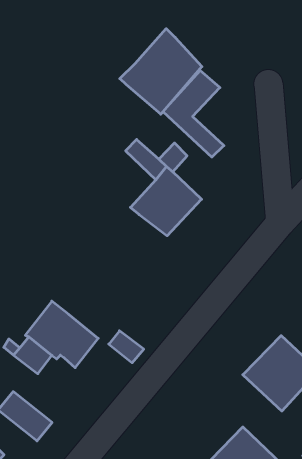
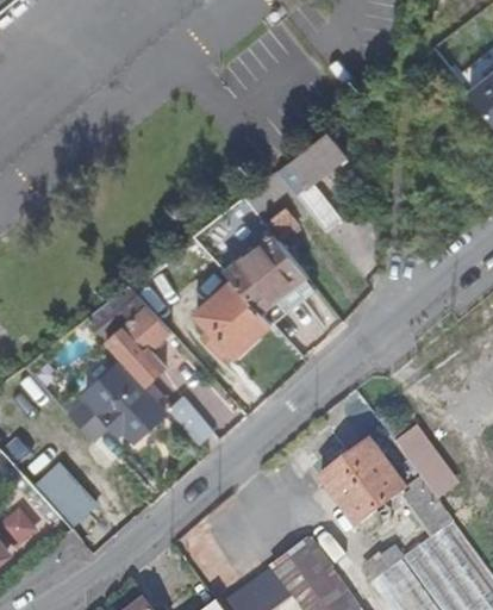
building: [120,29,202,114] -> none
building: none -> [198,284,272,359]
building: none -> [86,287,170,386]

